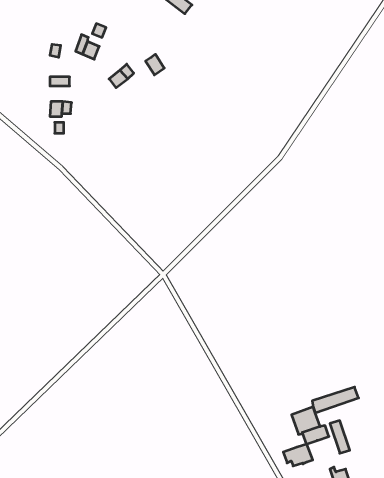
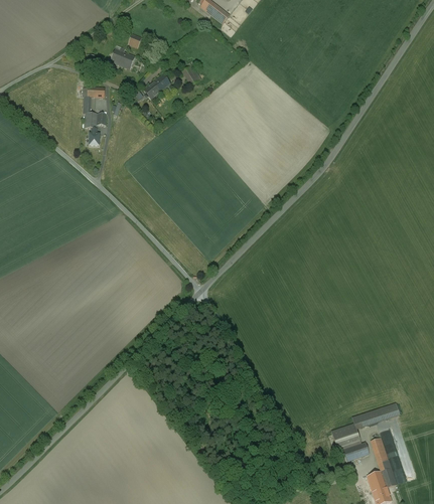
building: [283,444,313,466] -> [367,468,397,490]

